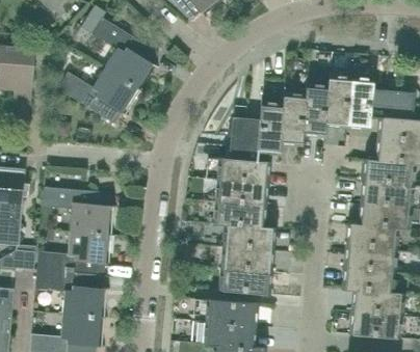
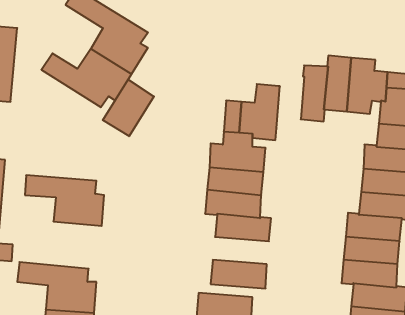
building: [280,92,306,145] -> none
building: none -> [103,79,154,136]
building: [36,232,114,276] -> none
building: [219,246,272,272] -> none

